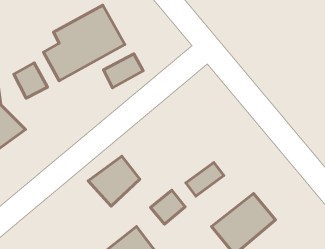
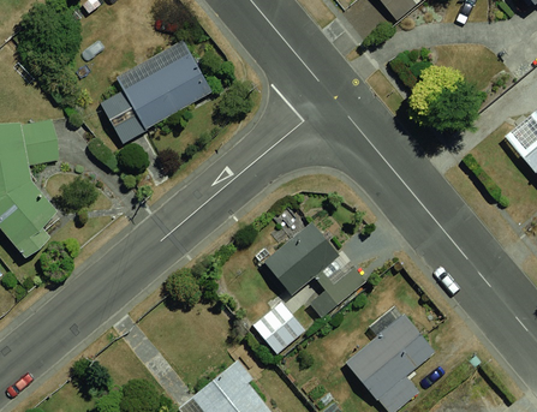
building: [104,54,143,88] -> none
building: [14,63,48,98] -> none
building: [88,156,140,206] -> [257,221,333,294]

